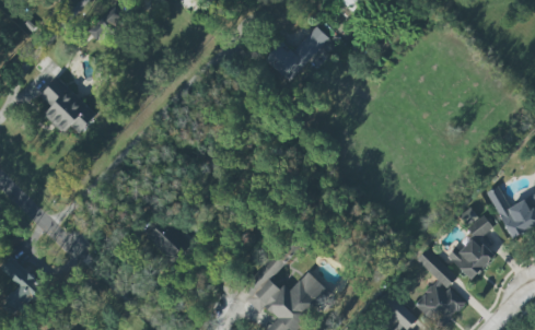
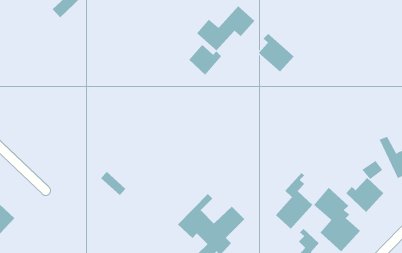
building: none -> [258,33,295,72]
building: none -> [188,44,222,75]
building: [39,78,96,134] -> none
building: none -> [275,172,313,229]

